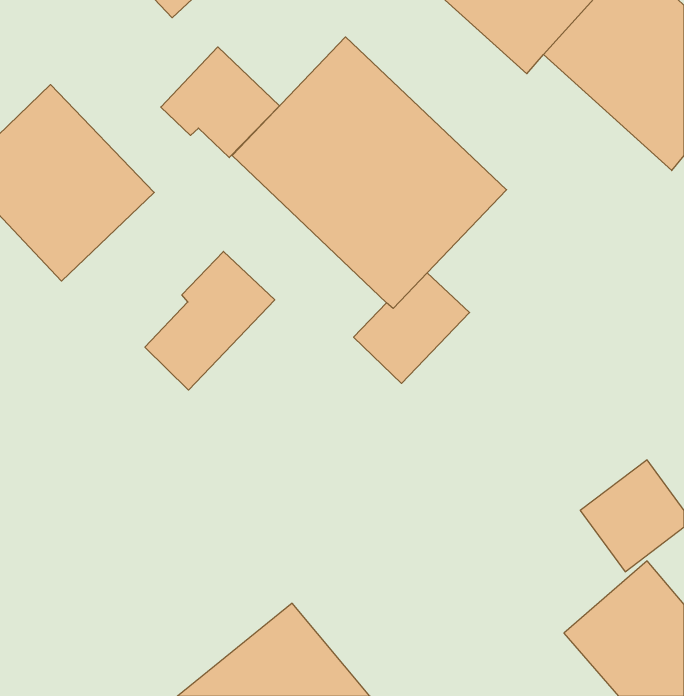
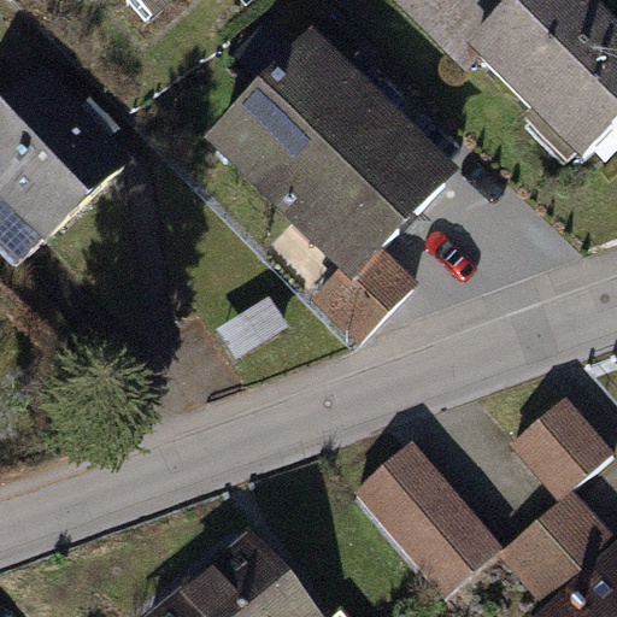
building: [161,47,280,158] -> none
building: [145,251,275,390] -> none
building: none -> [359,449,500,597]

